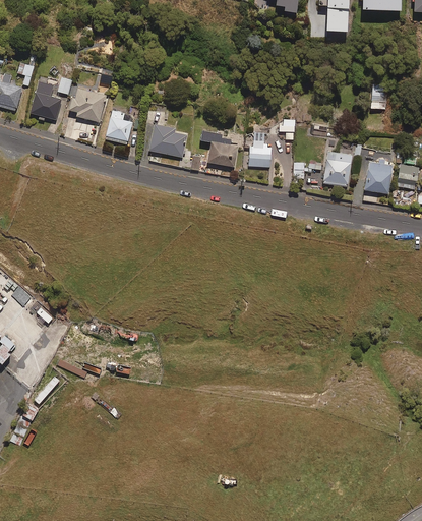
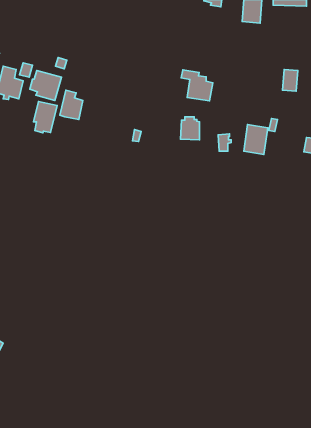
building: none -> [33,101,57,133]
building: [148,123,187,157] -> none
building: [200,129,238,166] -> [181,70,213,101]
building: [364,159,394,195] -> none

